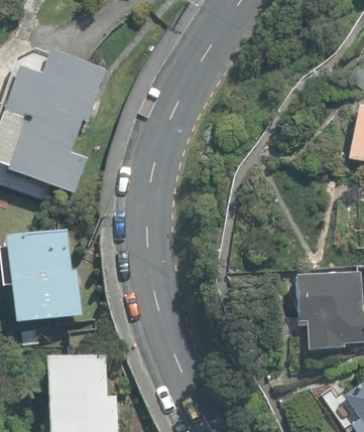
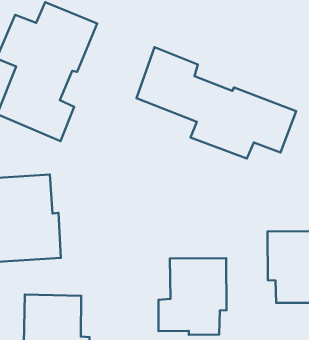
building: none -> [136,47,296,159]
building: none -> [158,258,227,335]

